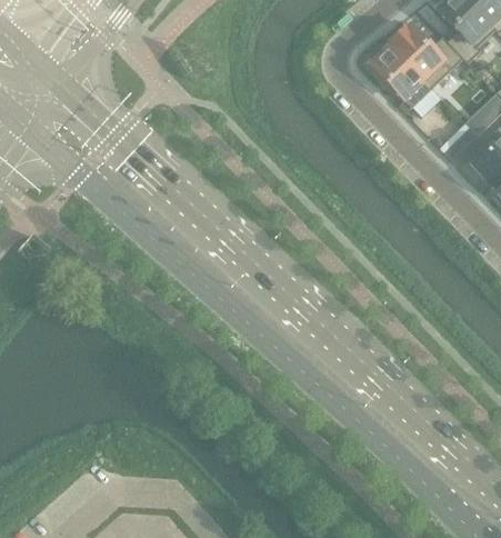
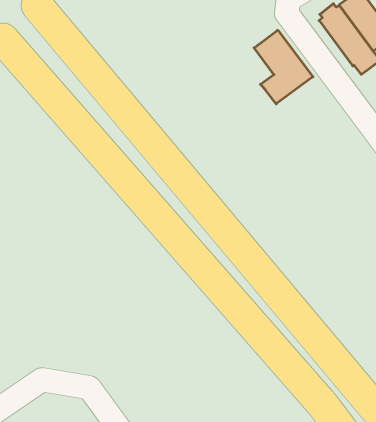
building: none -> [254,30,313,104]

